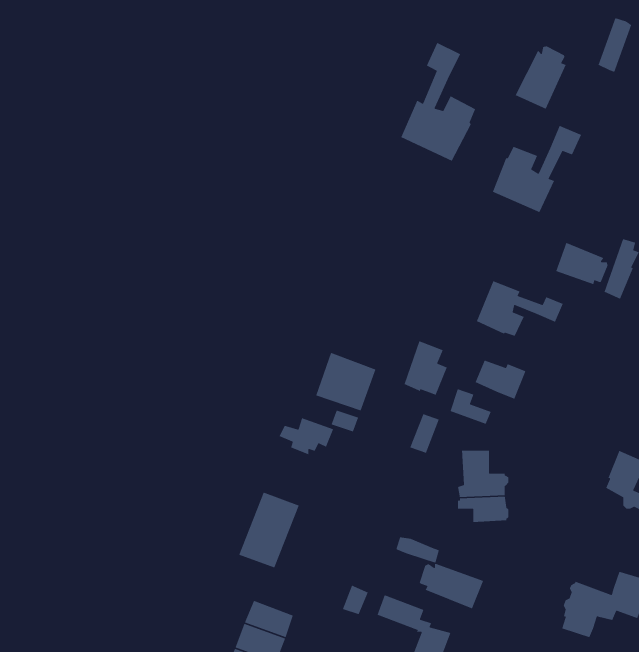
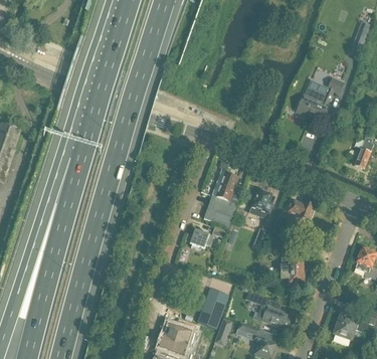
building: [400,42,476,162] -> none
building: [515,45,567,110] -> none
building: [555,242,609,285] -> none
building: [476,280,564,337] -> none
building: none -> [211,171,239,203]
building: [238,492,300,569] -> [196,287,228,327]

